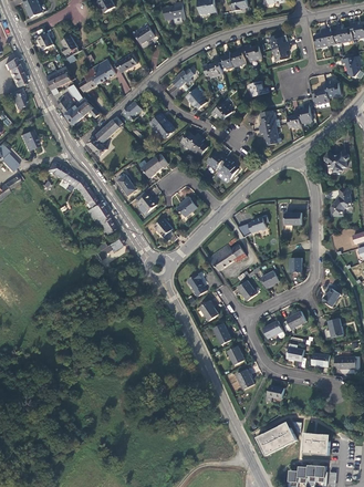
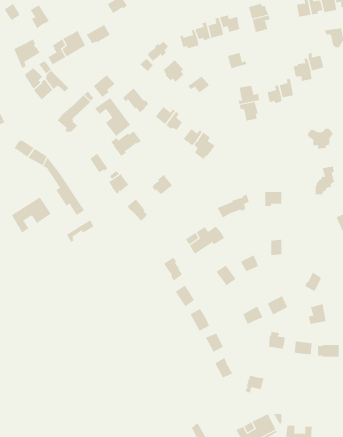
building: none -> [94,97,131,137]
building: none -> [11,197,52,234]

